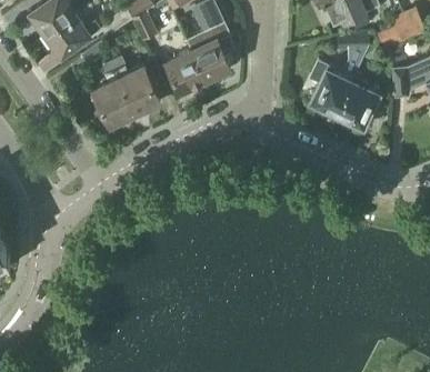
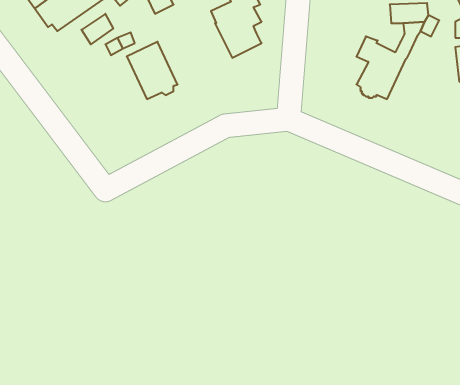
building: [167,50,207,92] -> none
building: [92,78,136,125] -> none
building: [336,79,380,131] -> none

